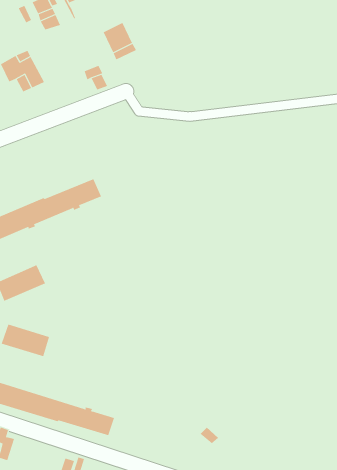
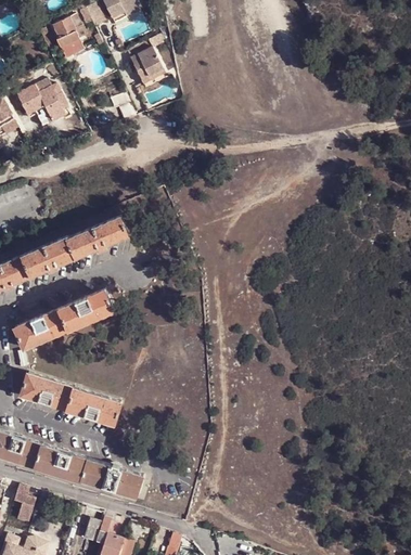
building: none -> [59,292,113,331]
building: none -> [66,388,120,425]

